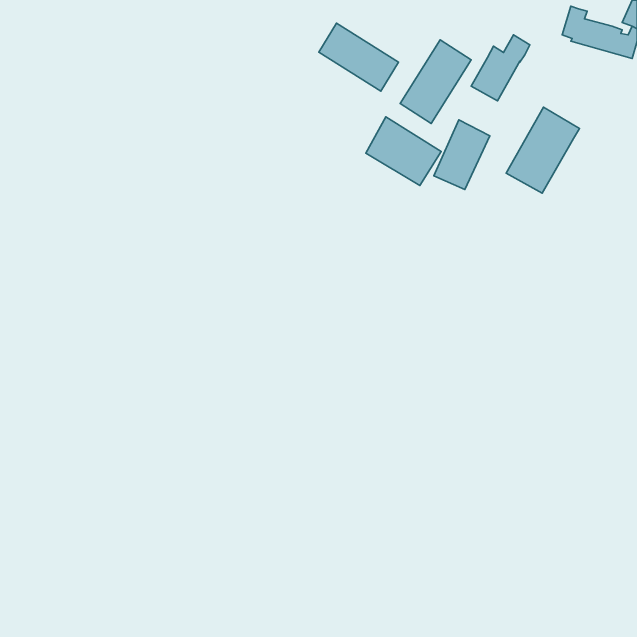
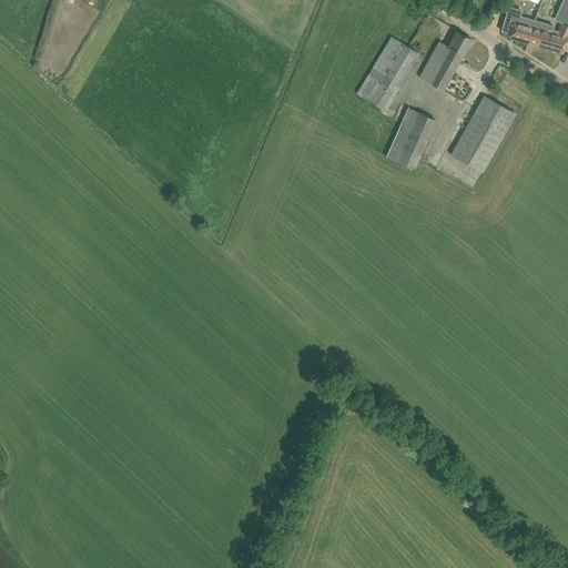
building: [319,23,399,91] -> none
building: [366,117,441,186] -> none

